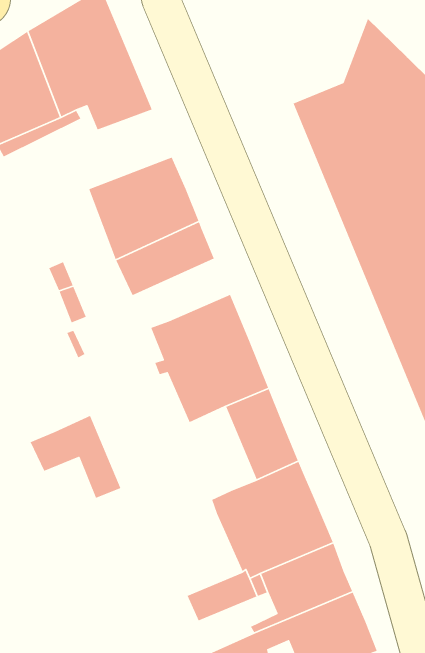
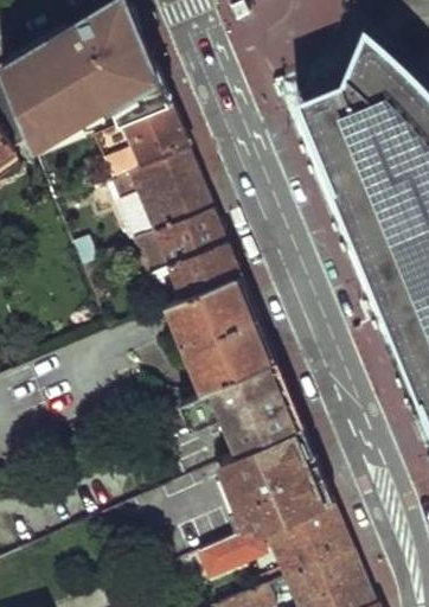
building: none -> [94,108,187,180]
building: none -> [151,244,241,301]
building: [30,415,121,499] -> [180,379,264,456]

